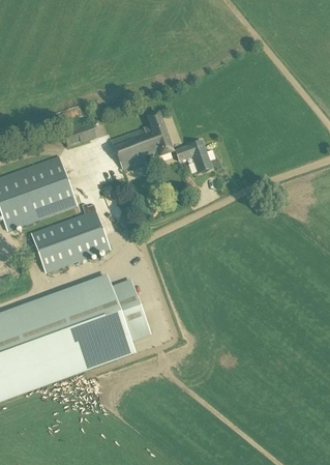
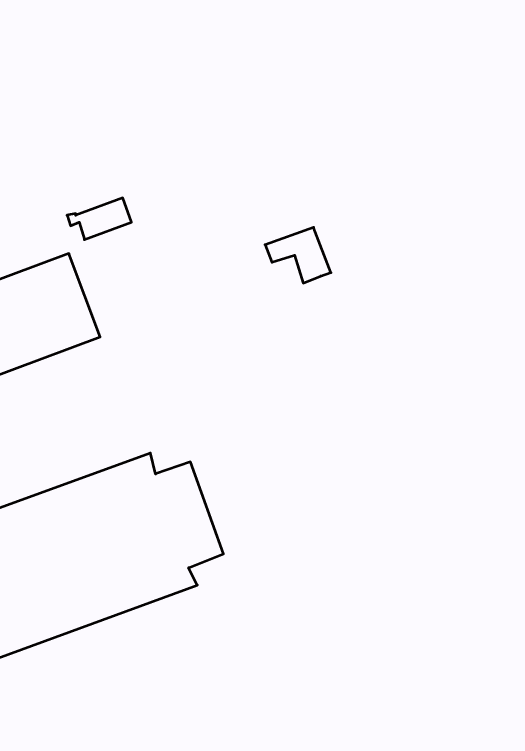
building: [112,111,173,169] -> none
building: [30,202,111,272] -> none

